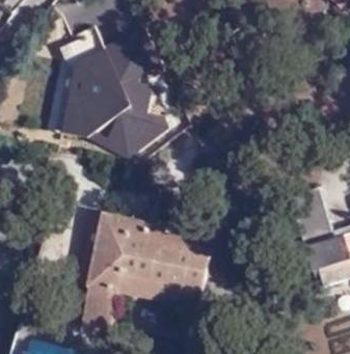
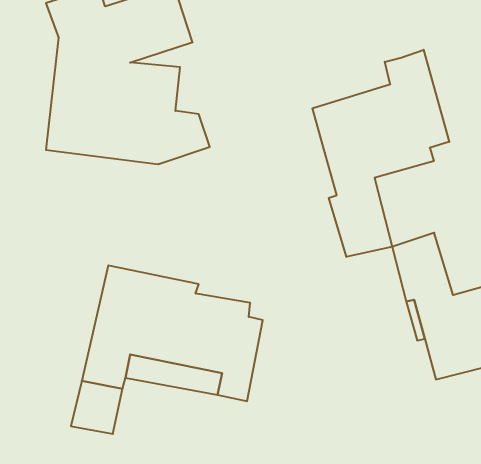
building: none -> [312,50,449,257]

